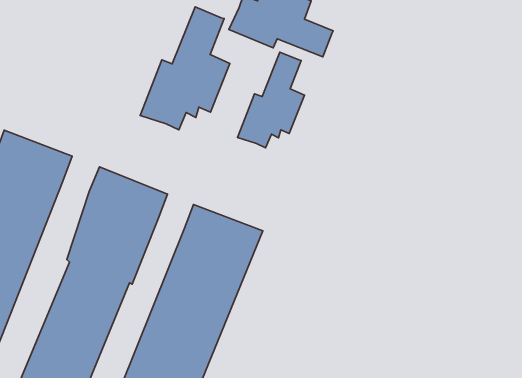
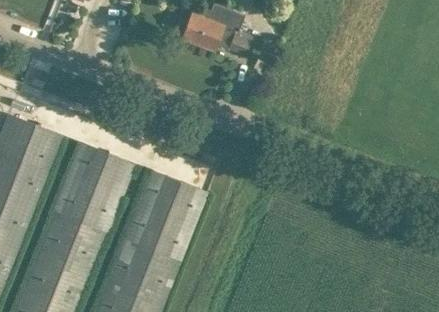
building: [140,7,230,130] -> none
building: [238,52,305,148] -> none

